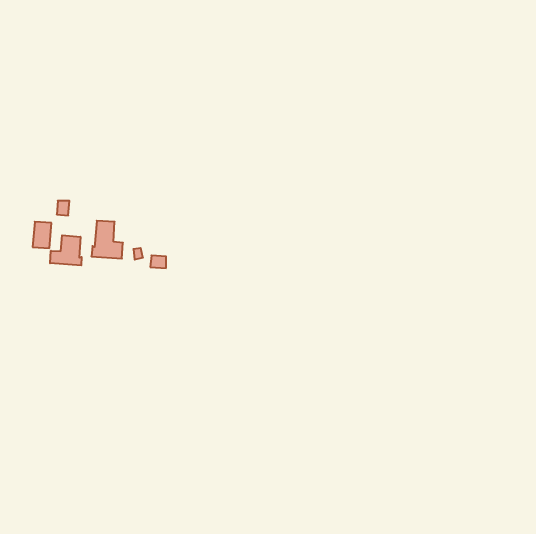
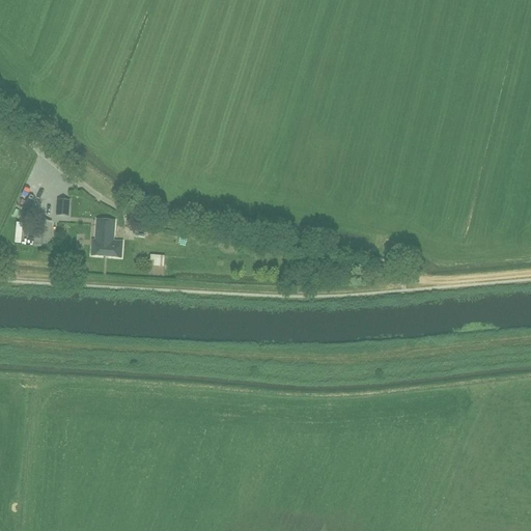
building: [50,235,82,265] -> none

